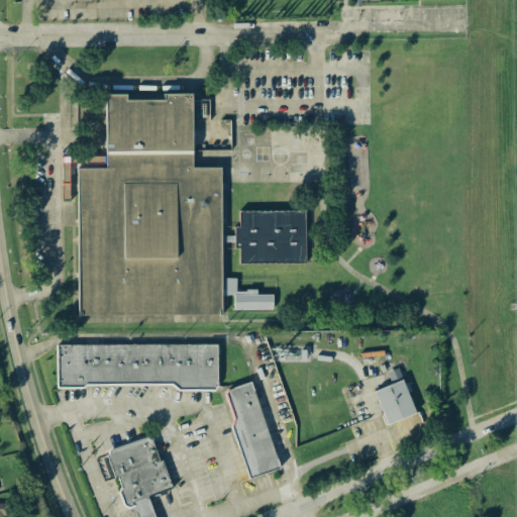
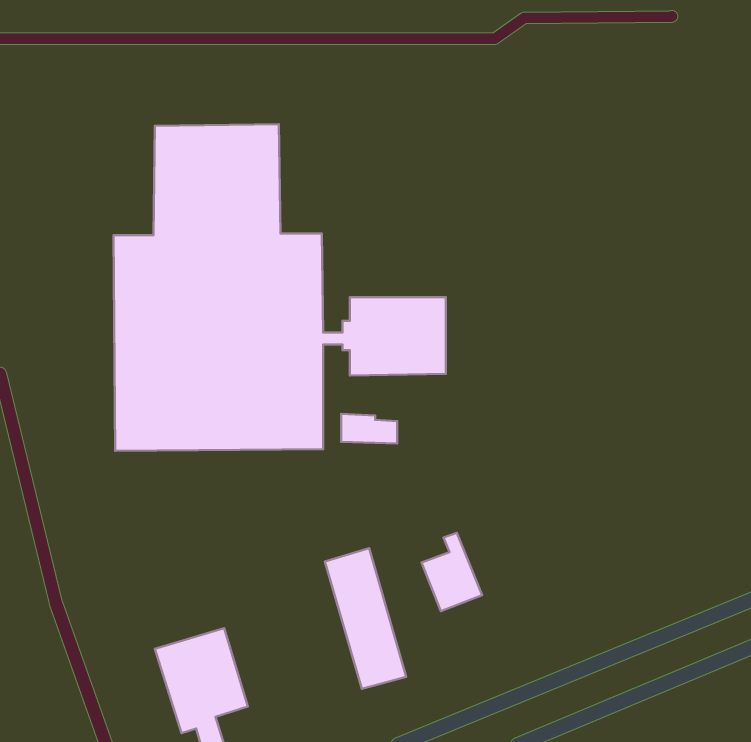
building: [58,343,219,388] -> none
building: [376,371,417,424] -> [422,533,482,611]

